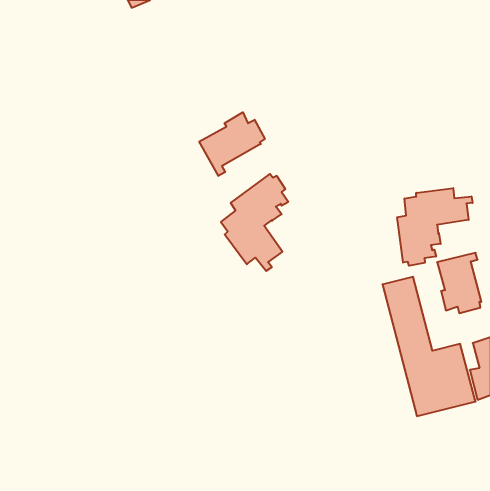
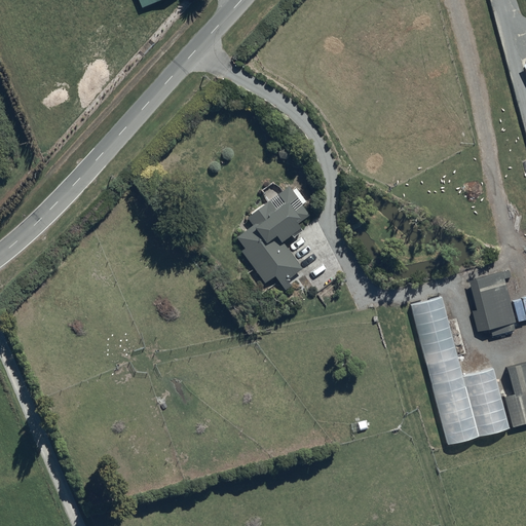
building: [199,112,265,176] -> none
building: [397,188,473,266] -> none

